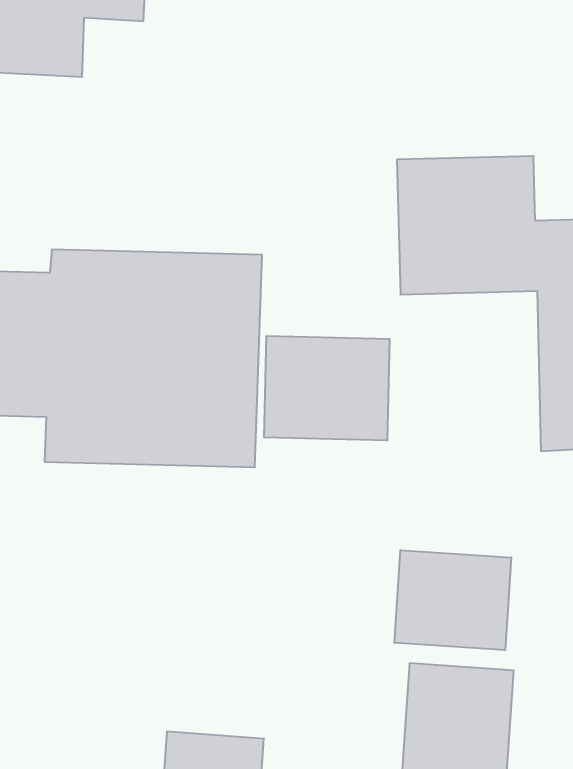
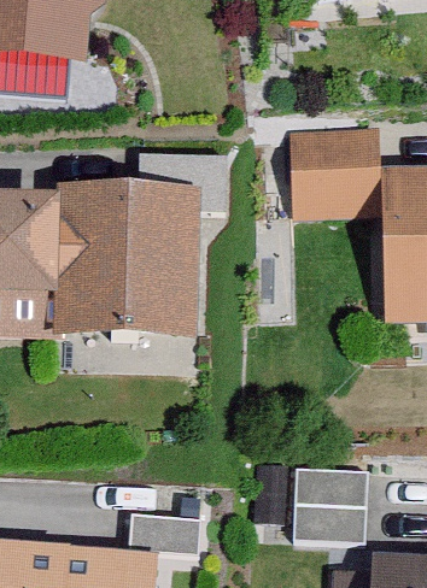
building: [264,336,390,441] -> none
building: [394,550,511,650] -> none

